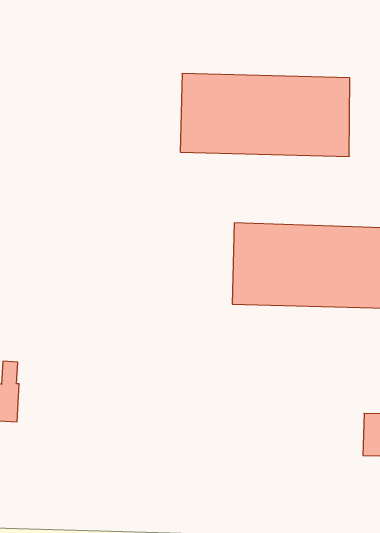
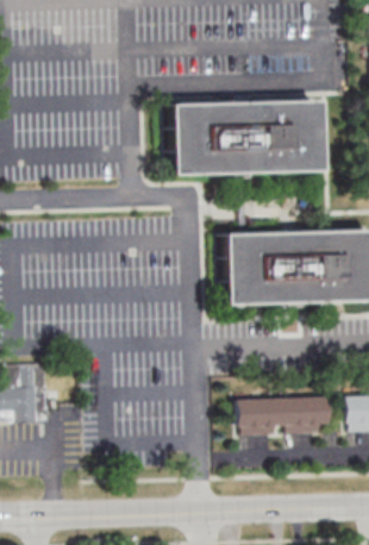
building: none -> [238,396,330,433]

